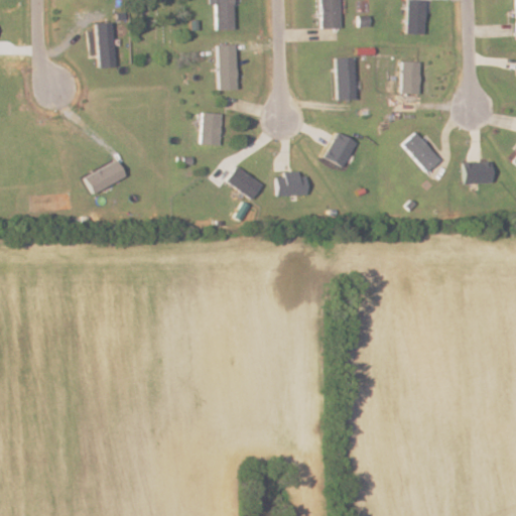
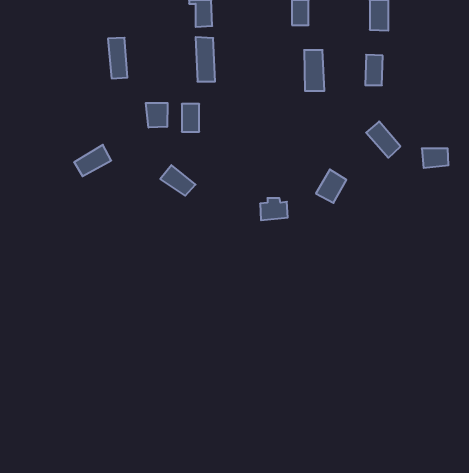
building: [95,21,116,66] -> [108,38,127,78]
building: none -> [146,103,168,128]
building: [325,131,358,167] -> [316,169,346,203]
building: [226,164,264,198] -> [160,165,196,196]
building: [278,171,308,196] -> [260,198,288,220]

